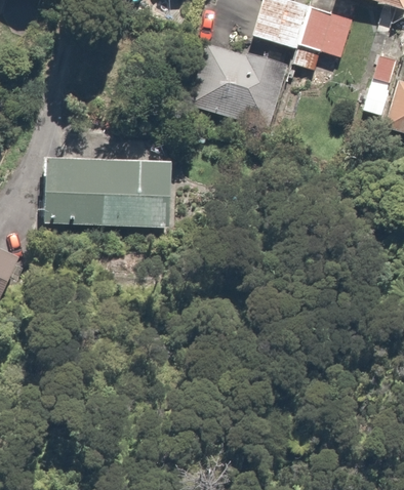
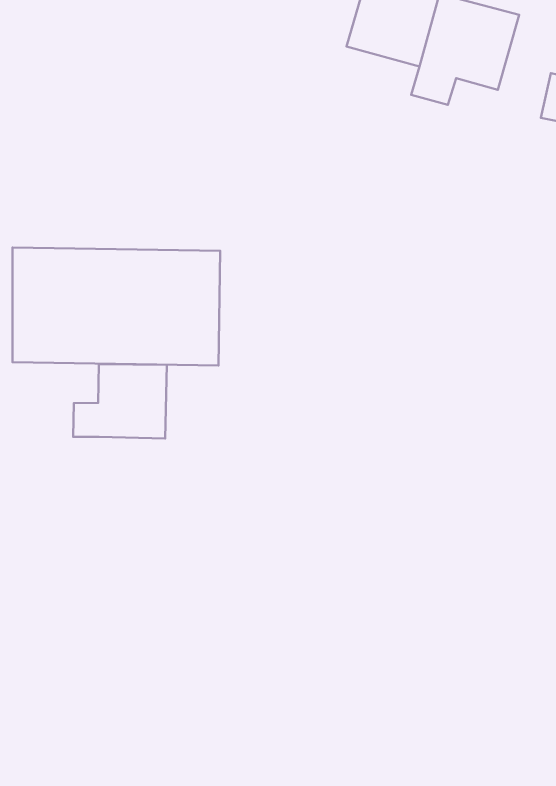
building: [190,36,286,129] -> none
building: none -> [73,364,167,438]

